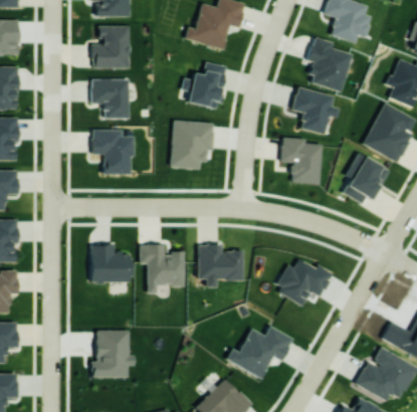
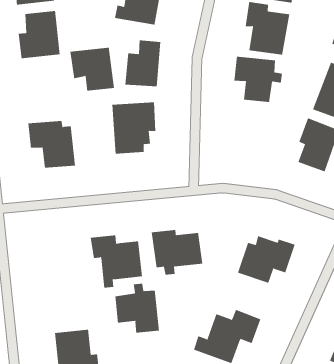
building: [90,78,130,118] -> [70,47,115,91]
building: [280,137,322,183] -> none
building: [89,243,133,281] -> none
building: none -> [115,283,160,334]

